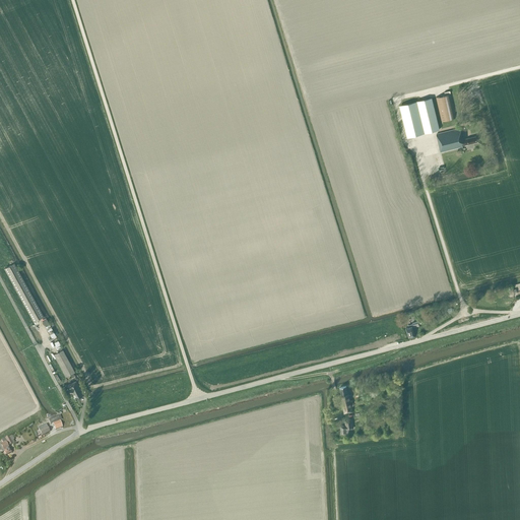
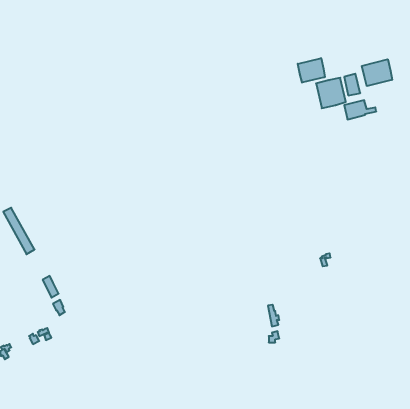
building: none -> [298,58,325,83]
building: none -> [362,59,392,86]

